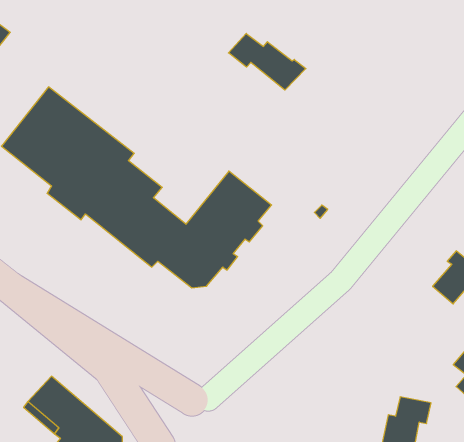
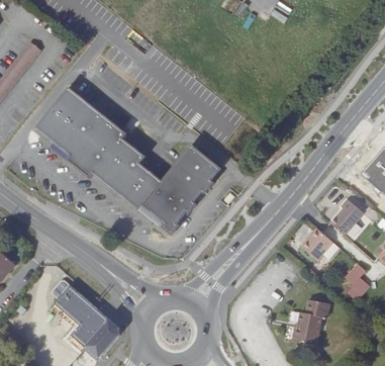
building: [228,33,306,90] -> none
building: none -> [300,227,332,260]

